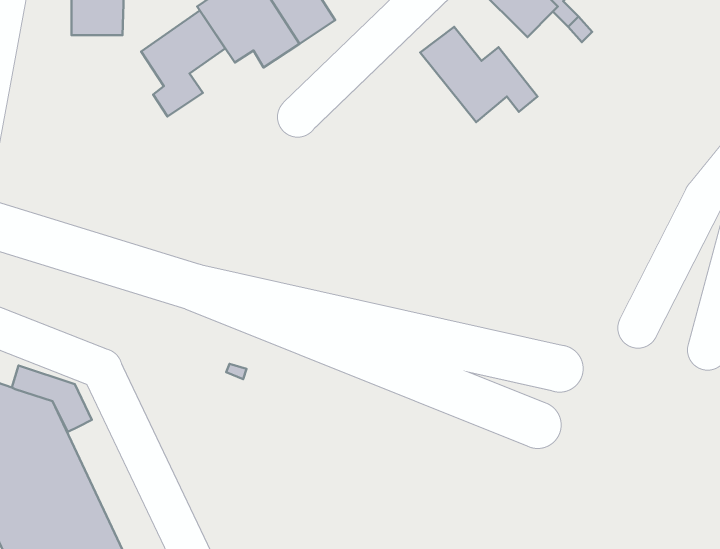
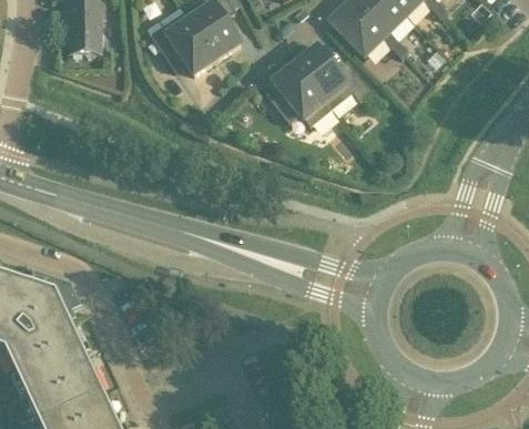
building: [141,10,225,116] -> none
building: none -> [271,62,332,125]

